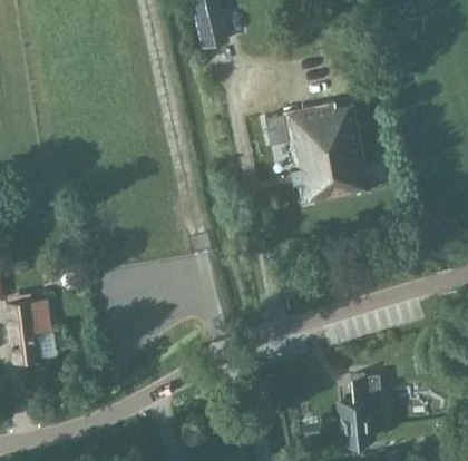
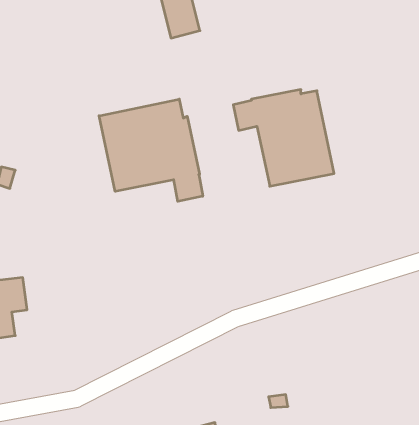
building: none -> [99,99,203,201]
building: [341,374,383,442] -> none

